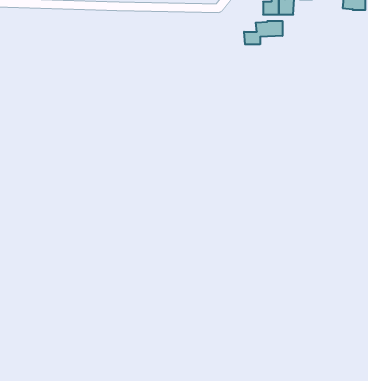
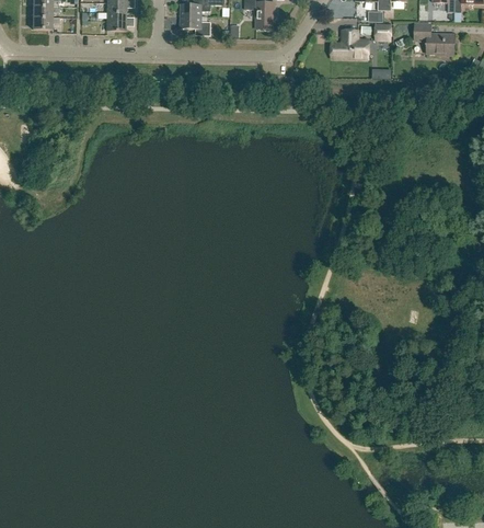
building: [244,21,282,44] -> none

